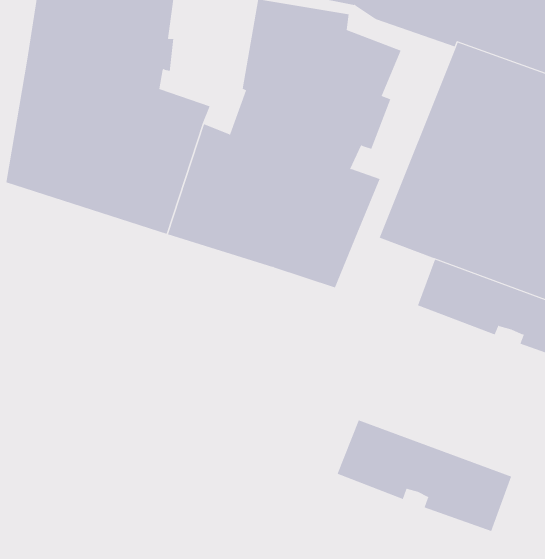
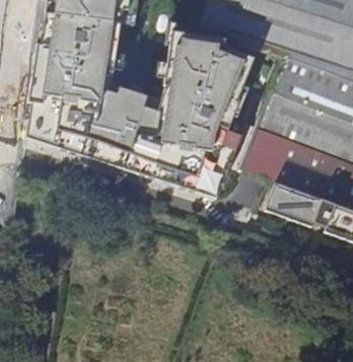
building: [337,420,512,532] -> none

